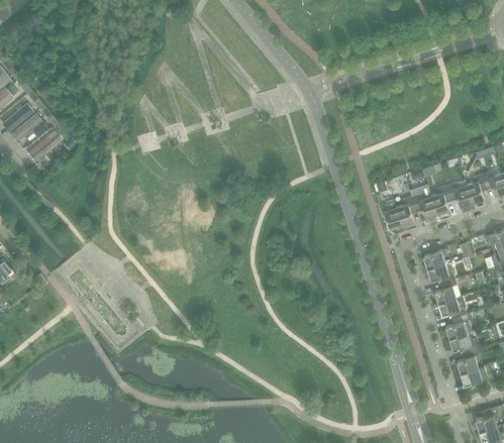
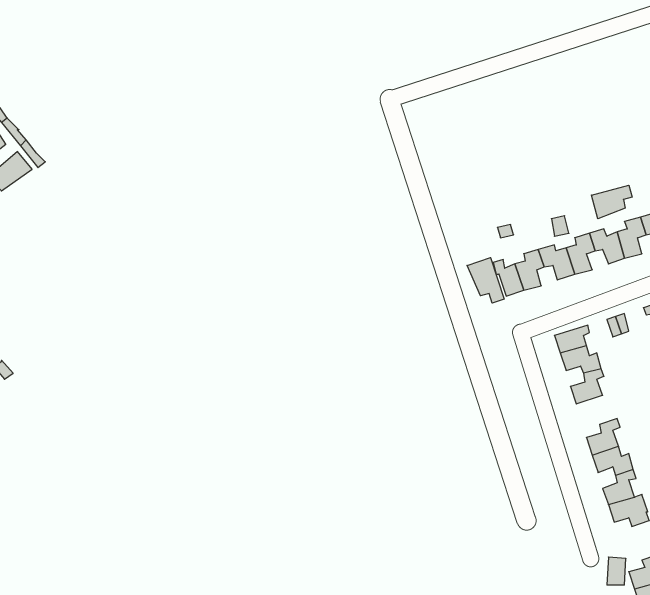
building: none -> [591,185,632,219]
building: none -> [467,258,504,303]
building: [437,297,466,318] -> none

